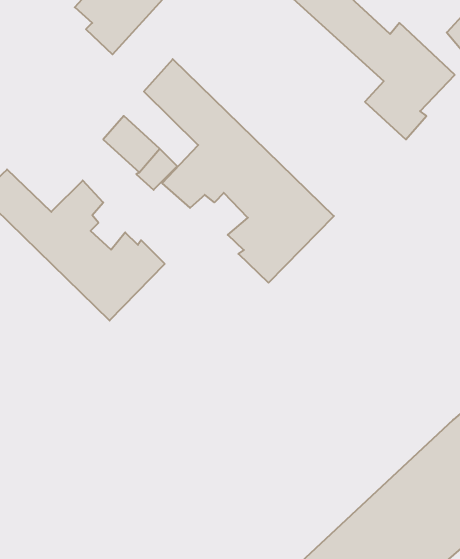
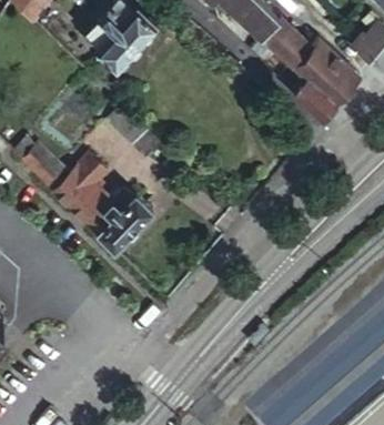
building: [144,59,334,283] -> none

